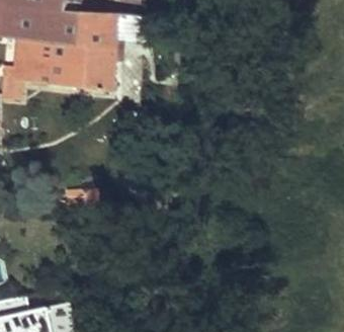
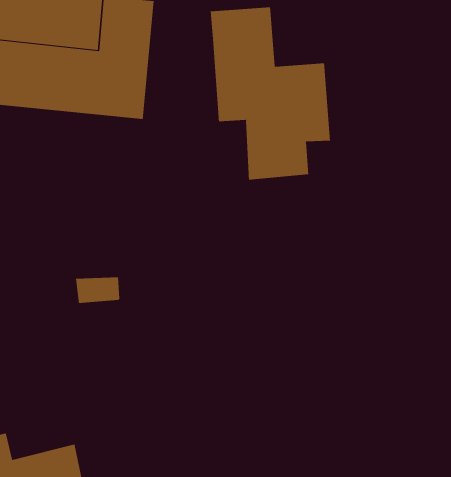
building: none -> [210,7,330,180]

